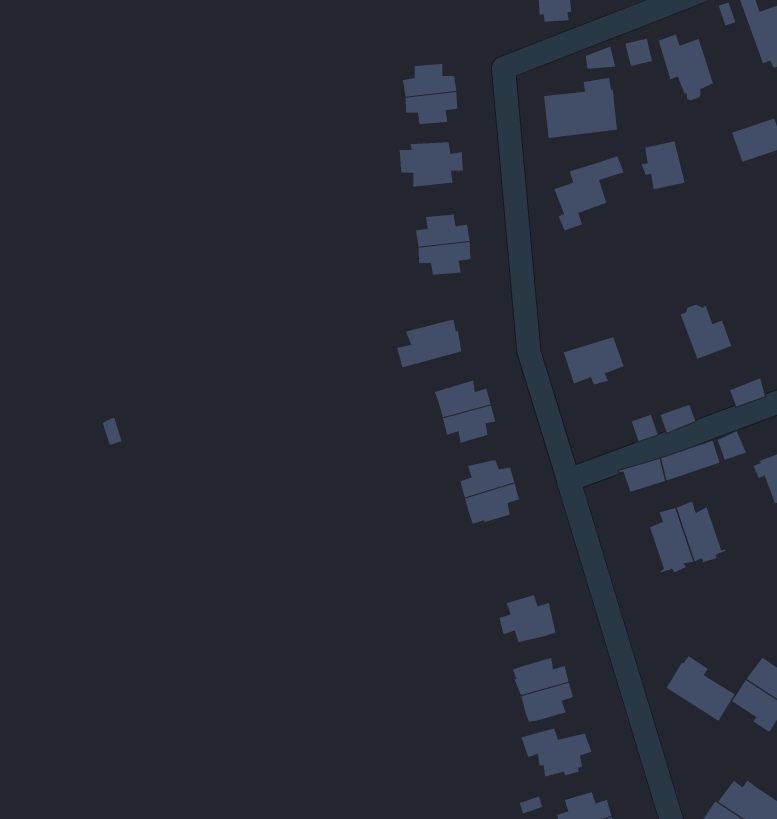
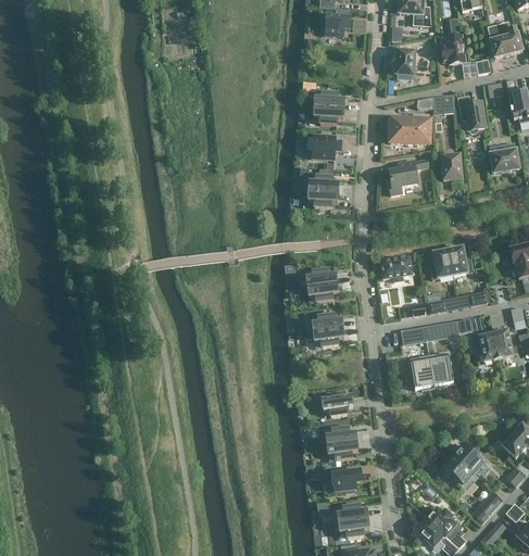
building: none -> [430,249,453,279]
building: [396,319,462,368] -> none
building: [666,655,736,722] -> none

